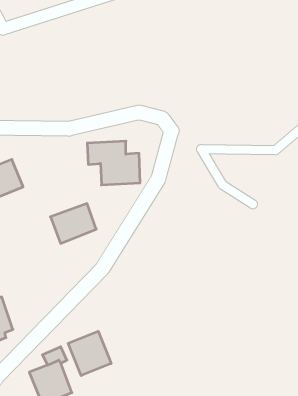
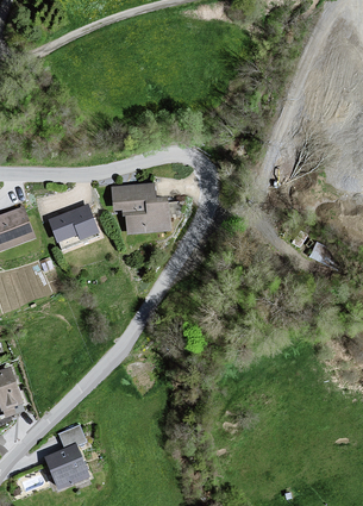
building: [50,204,96,243] -> [46,204,100,250]
building: [68,331,111,376] -> none

